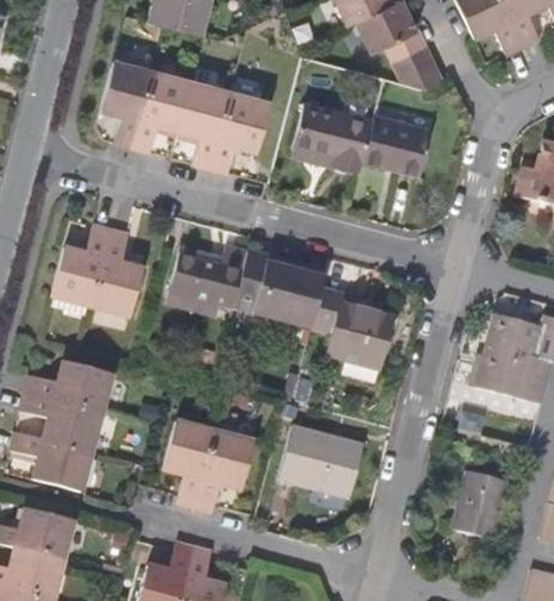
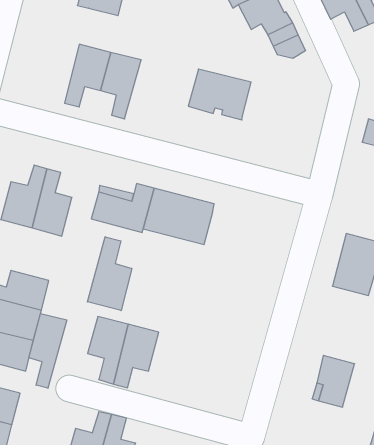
building: [101,60,152,146] -> none
building: [210,90,270,171] -> none
building: [363,115,433,175] -> none
building: [313,288,395,371] -> none
building: none -> [87,237,132,311]
building: none -> [29,313,67,388]
building: [279,427,363,499] -> none

